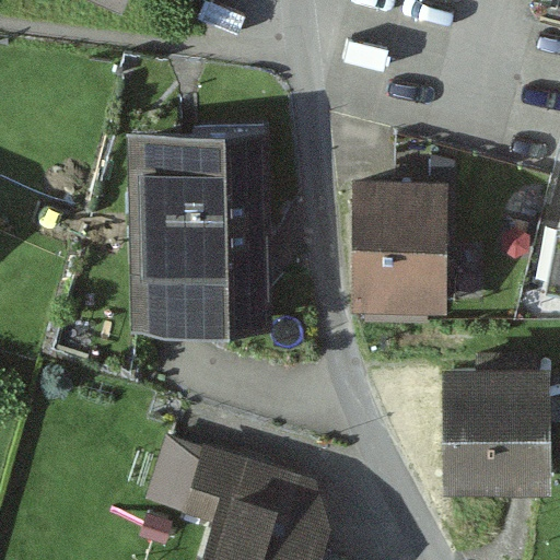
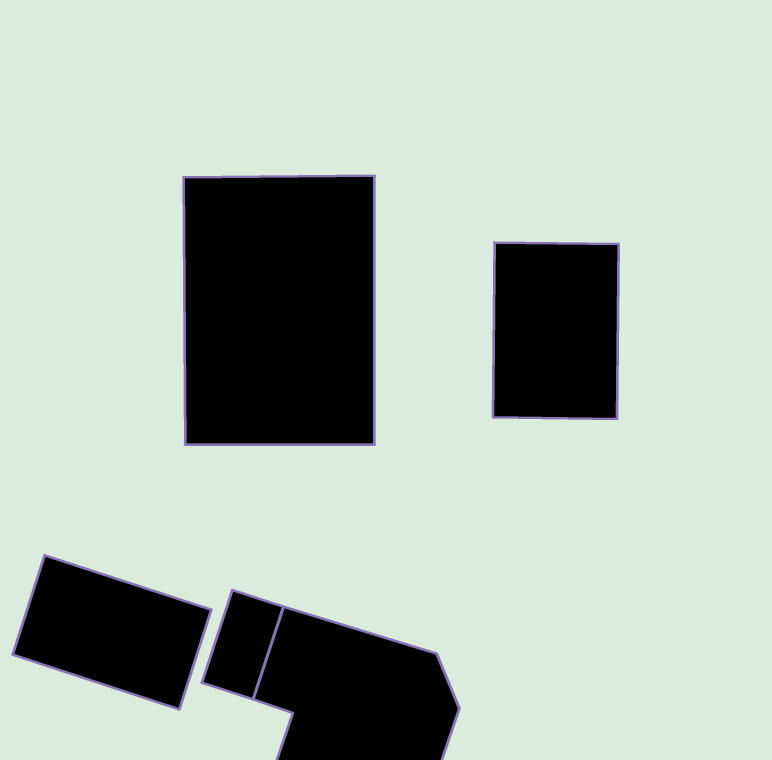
building: [447,361,548,480] -> none
building: none -> [13,555,211,709]

